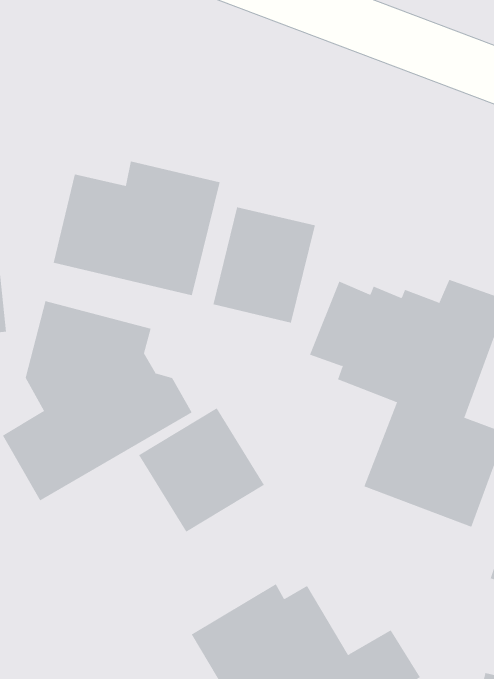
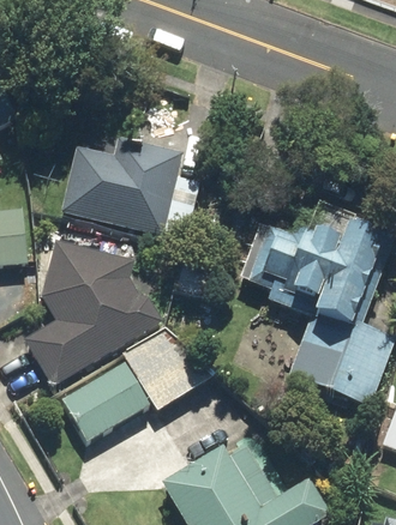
building: [213,206,315,324] -> none
building: none -> [62,362,150,440]

